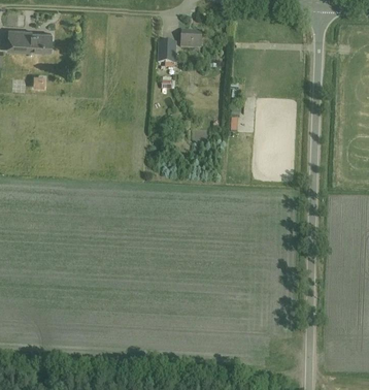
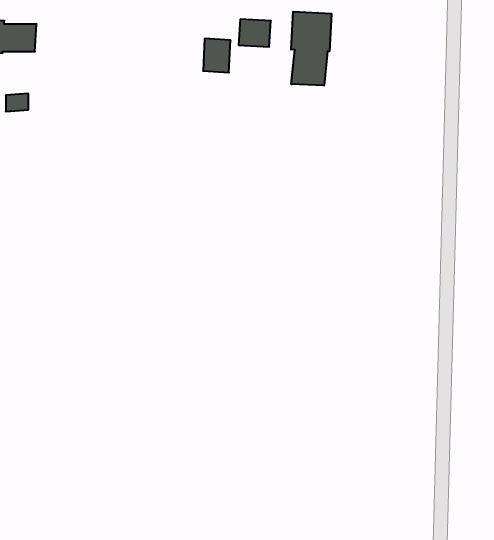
building: none -> [291,12,331,86]

